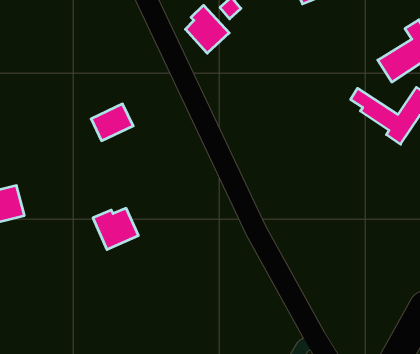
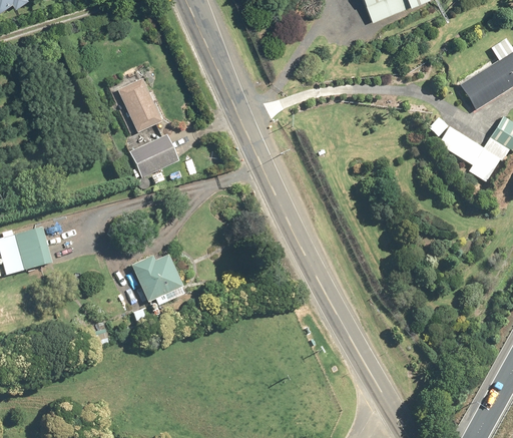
building: [185,5,229,53] -> none
building: none -> [118,78,164,132]

